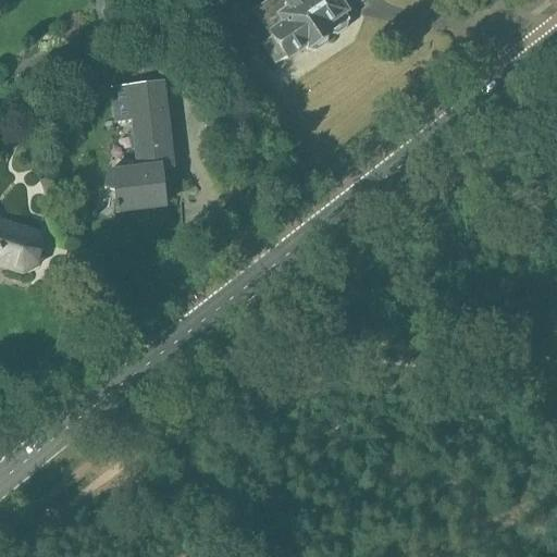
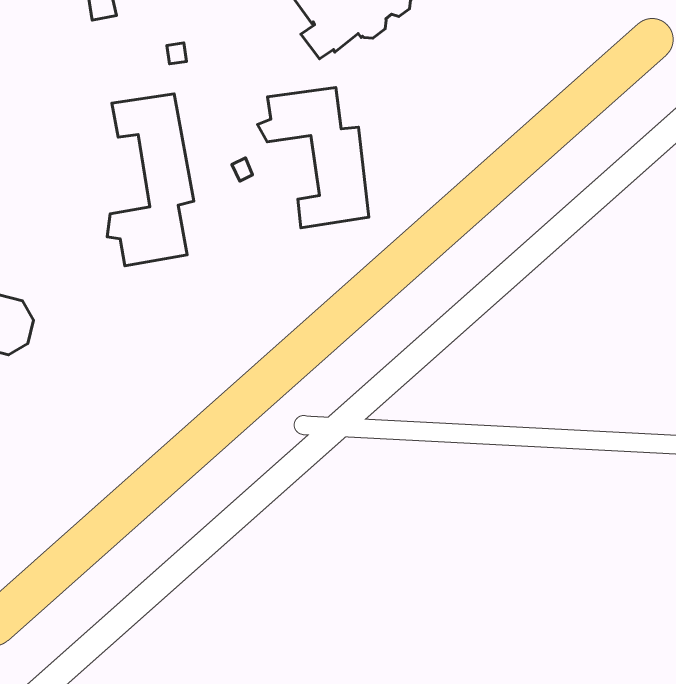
building: none -> [258,87,369,228]

